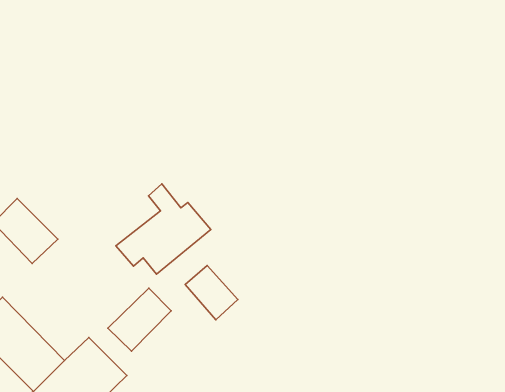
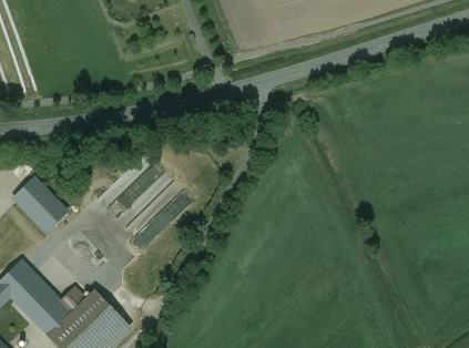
building: [185,265,238,320] -> none
building: [108,288,171,351] -> none

